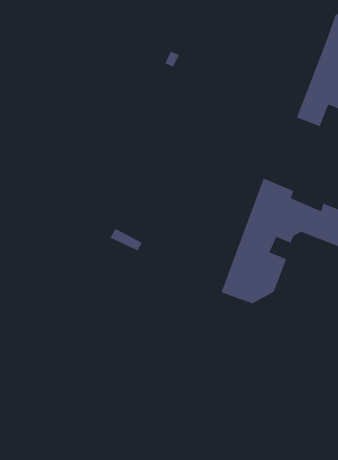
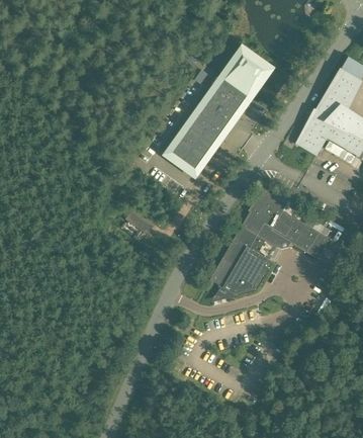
building: none -> [170,53,266,168]

